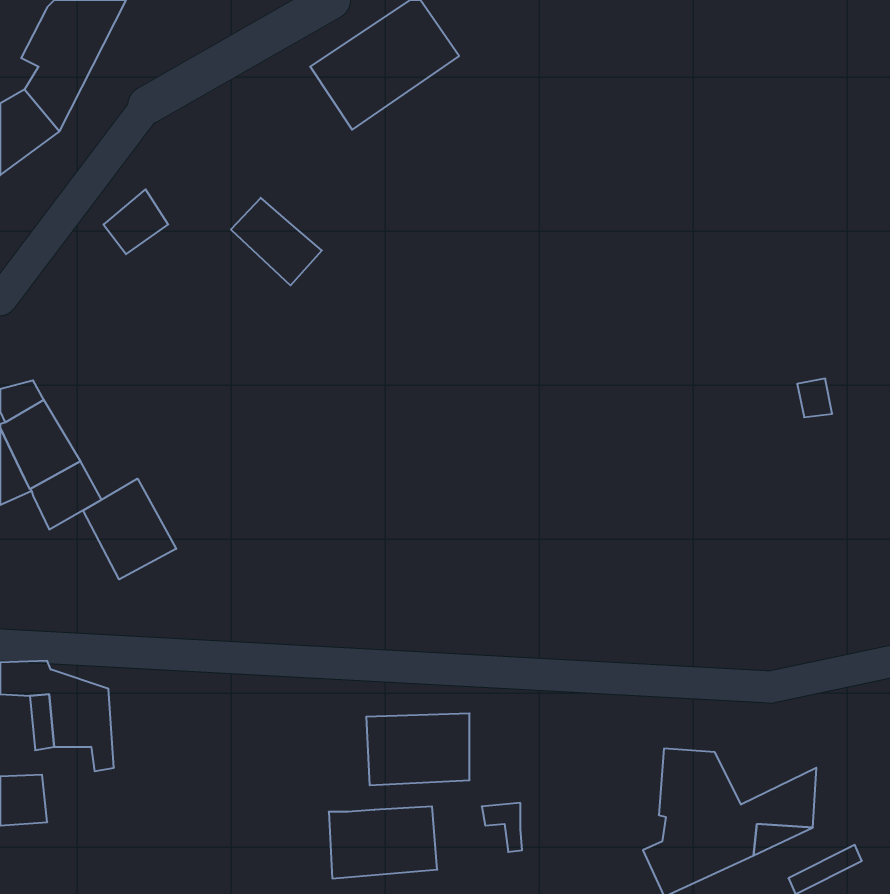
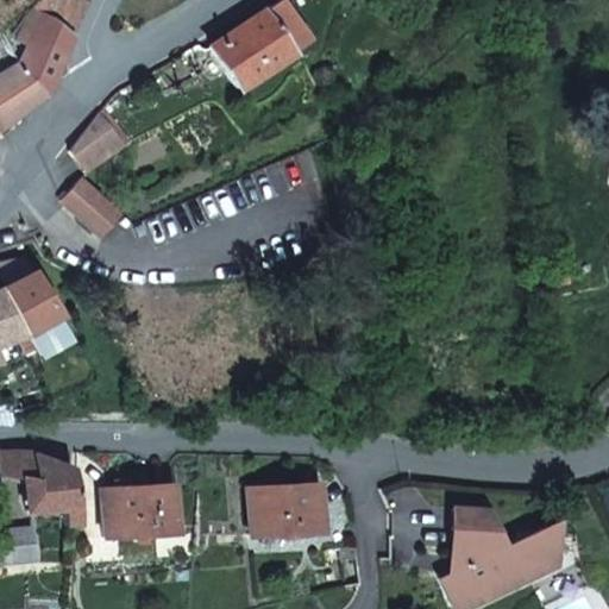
building: [231,198,322,285] -> [63,180,125,239]
building: [83,479,176,579] -> none
building: [329,806,437,878] -> [103,485,177,534]

